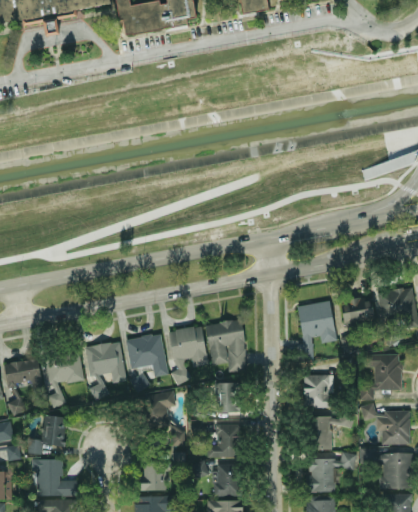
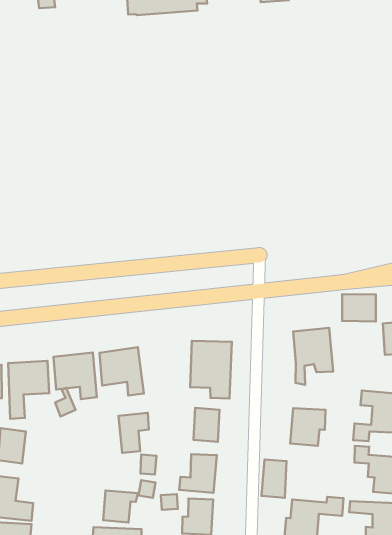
building: [341,298,373,324] -> [342,294,376,321]
building: [167,325,207,383] -> none
building: [311,416,332,449] -> [261,459,287,498]

